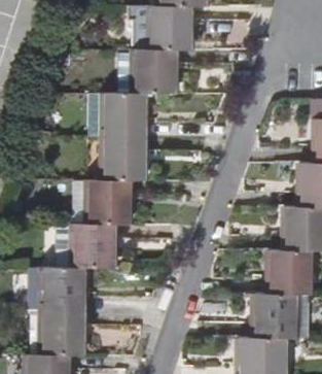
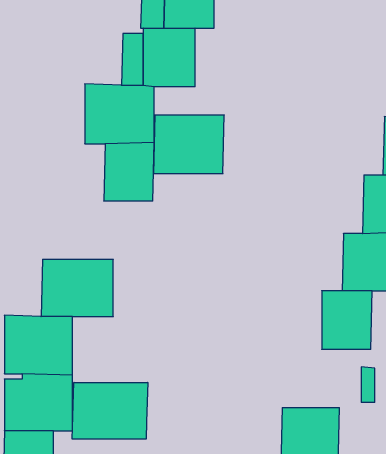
building: [75,181,129,226] -> [153,115,224,174]
building: [254,294,293,338] -> none
building: none -> [72,382,148,439]

